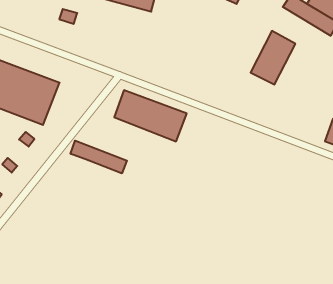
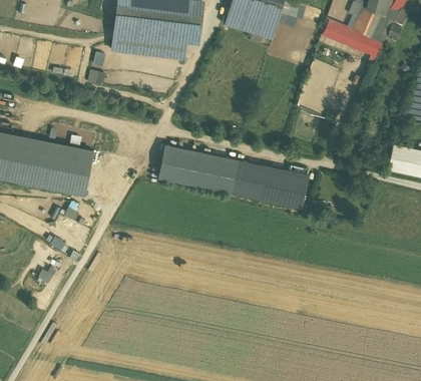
building: none -> [230,161,308,208]
building: [71,141,127,173] -> none

